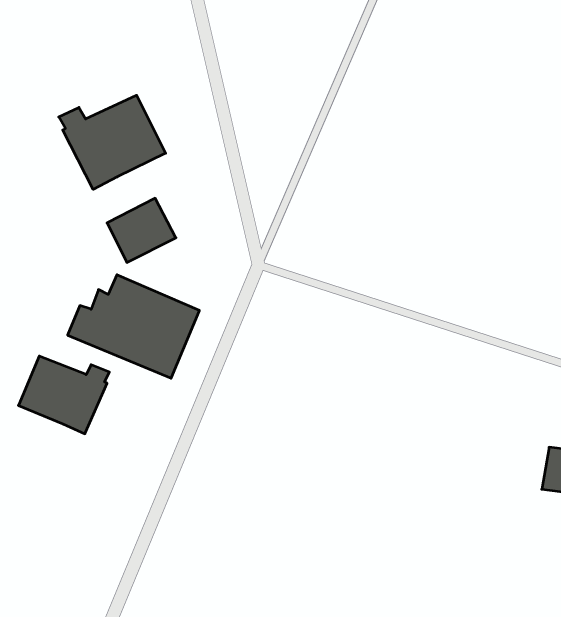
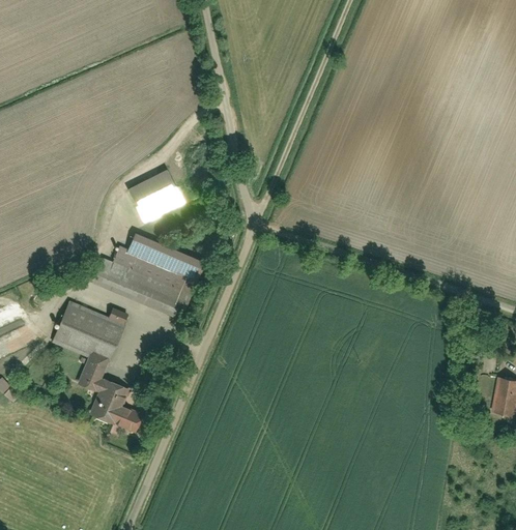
building: [59,95,166,189] -> none
building: none -> [77,357,143,433]

